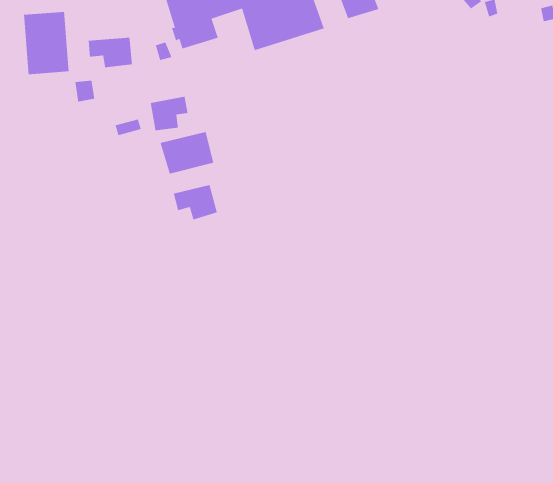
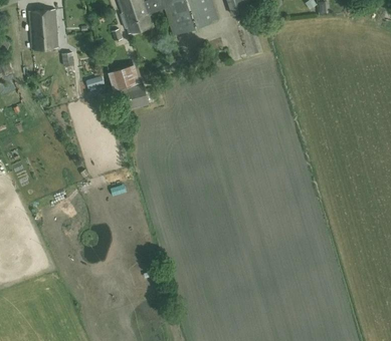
building: [88,37,133,68] -> none
building: [173,184,218,220] -> none

